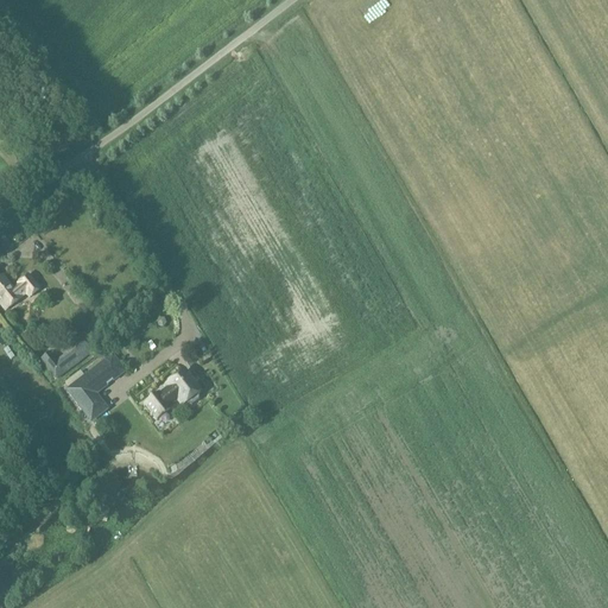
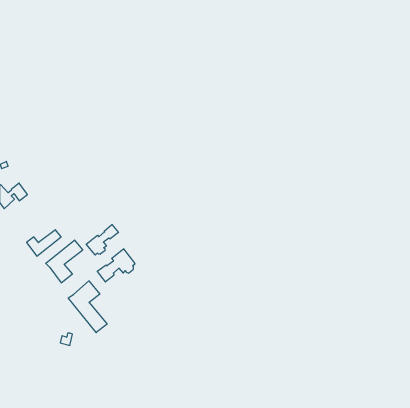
building: none -> [86,225,118,255]
building: none -> [68,281,107,333]

